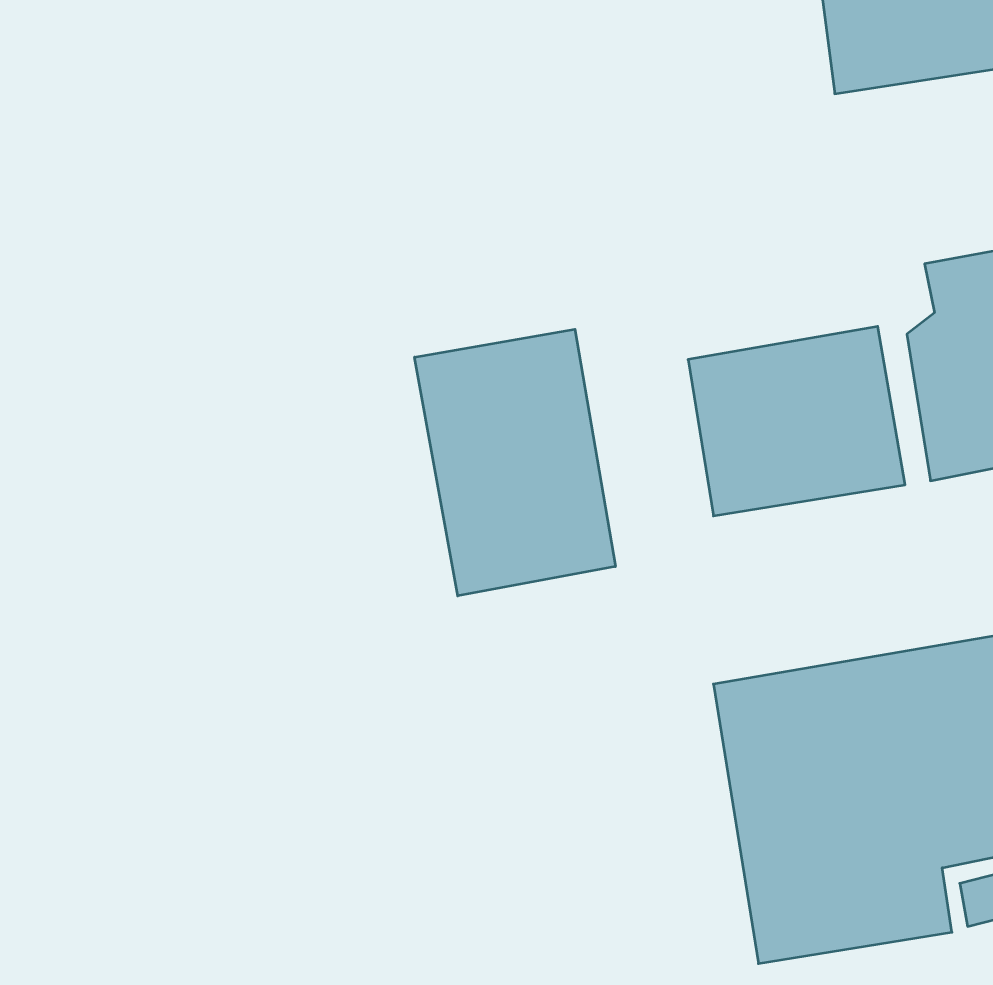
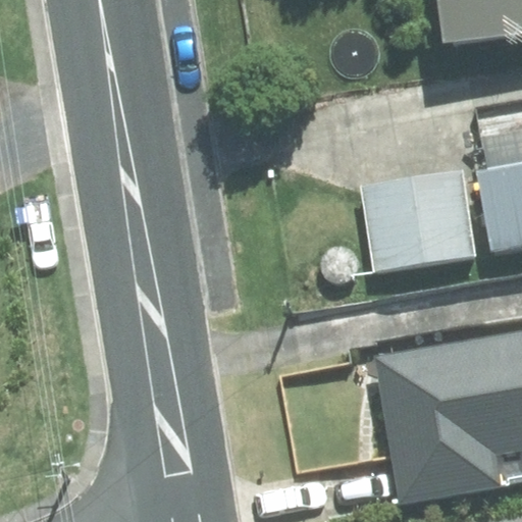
building: [415,329,615,596] -> none

